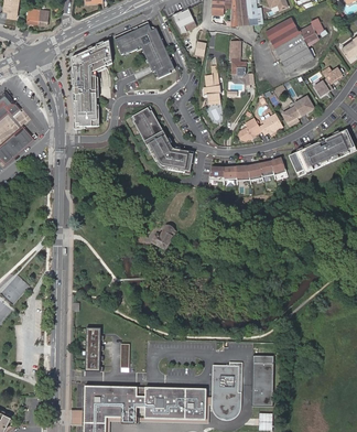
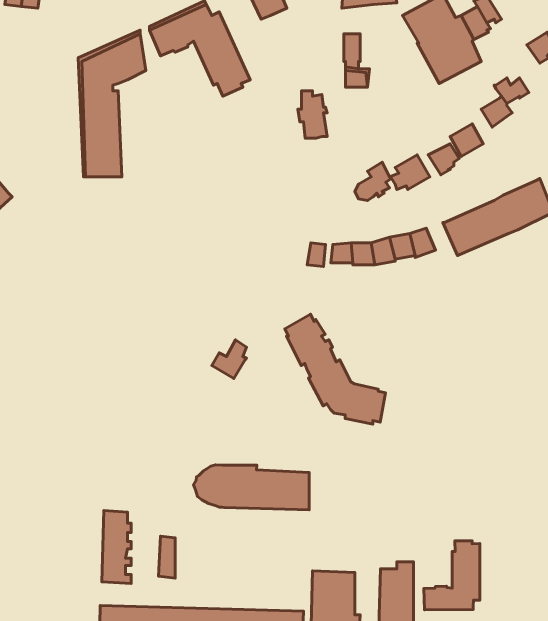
building: [131,107,192,173] -> [285,314,386,424]
building: none -> [194,465,309,510]
building: none -> [424,541,480,610]

